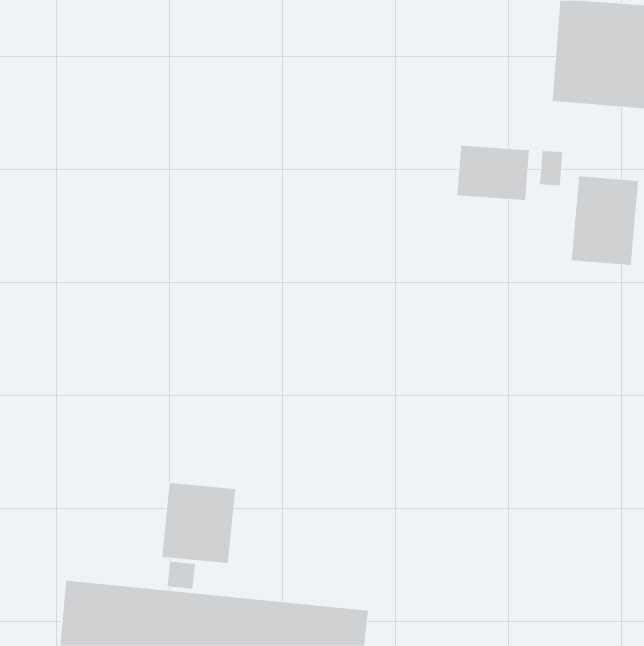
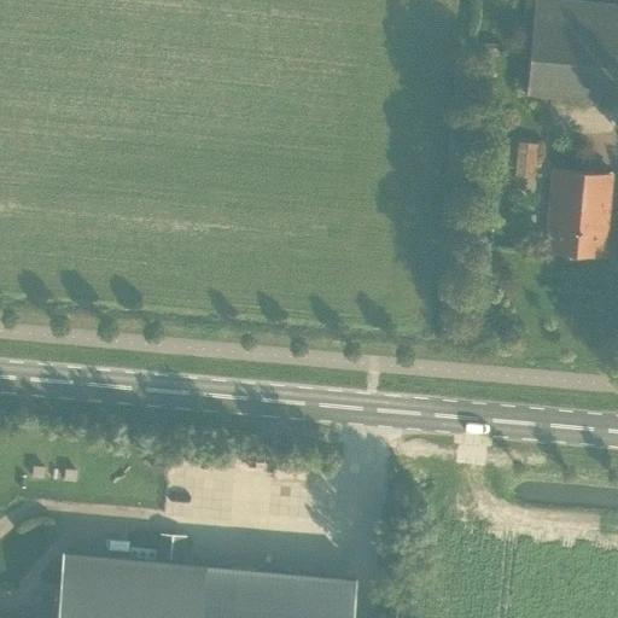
building: [457,145,530,201] -> none
building: [162,482,236,564] -> none

